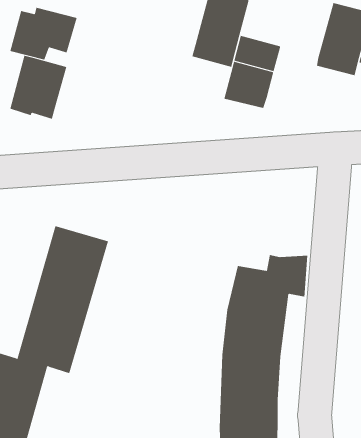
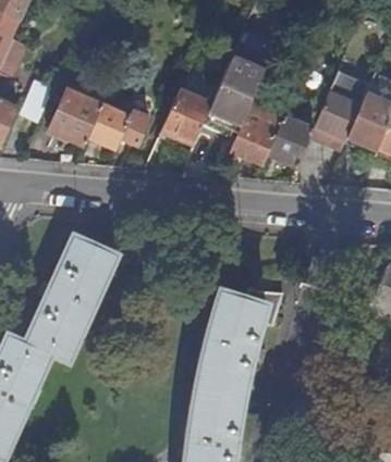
building: [10,7,77,60] -> [88,103,149,149]
building: none -> [161,87,212,145]
building: none -> [267,114,314,167]

